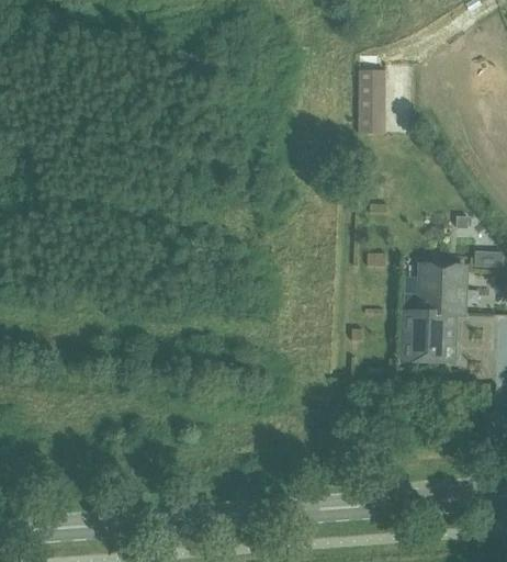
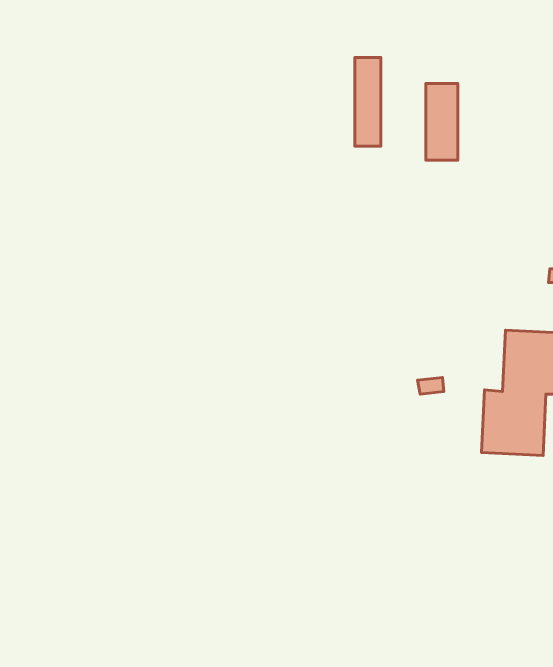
building: none -> [355,58,381,146]

